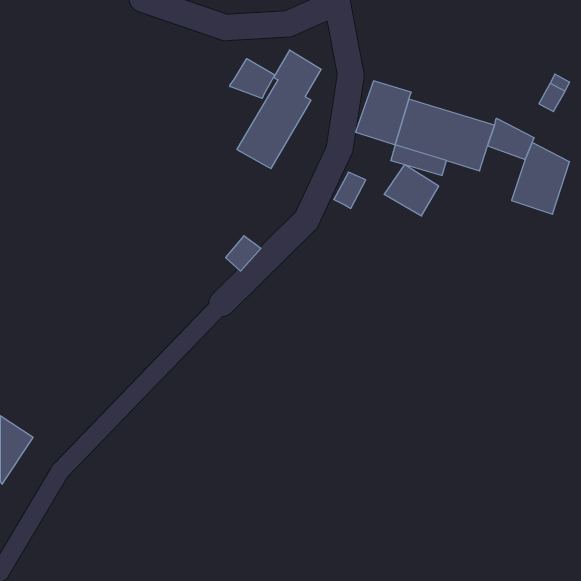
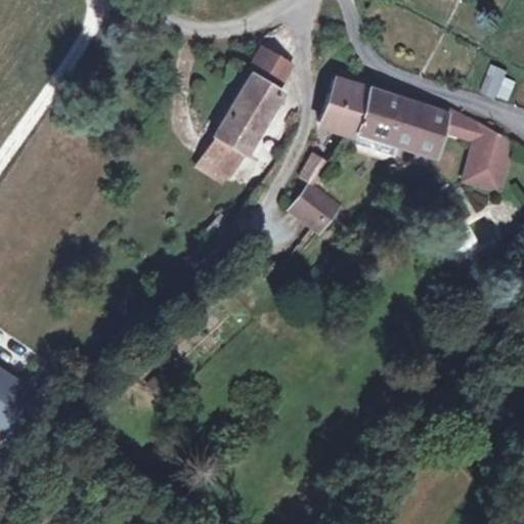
building: [230,59,275,98] -> none
building: none -> [200,136,241,179]
building: [384,165,439,216] -> [293,184,342,230]

